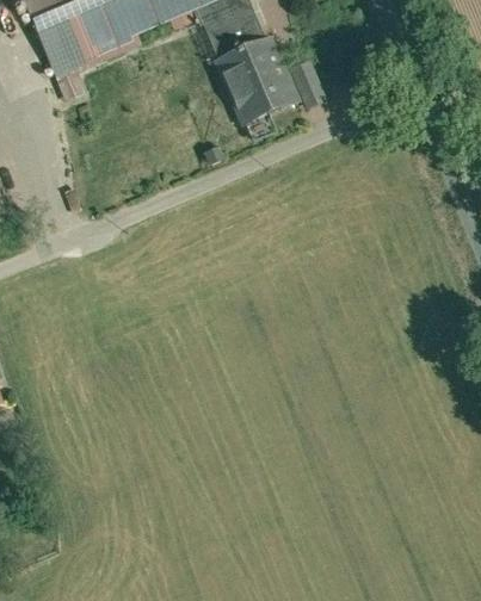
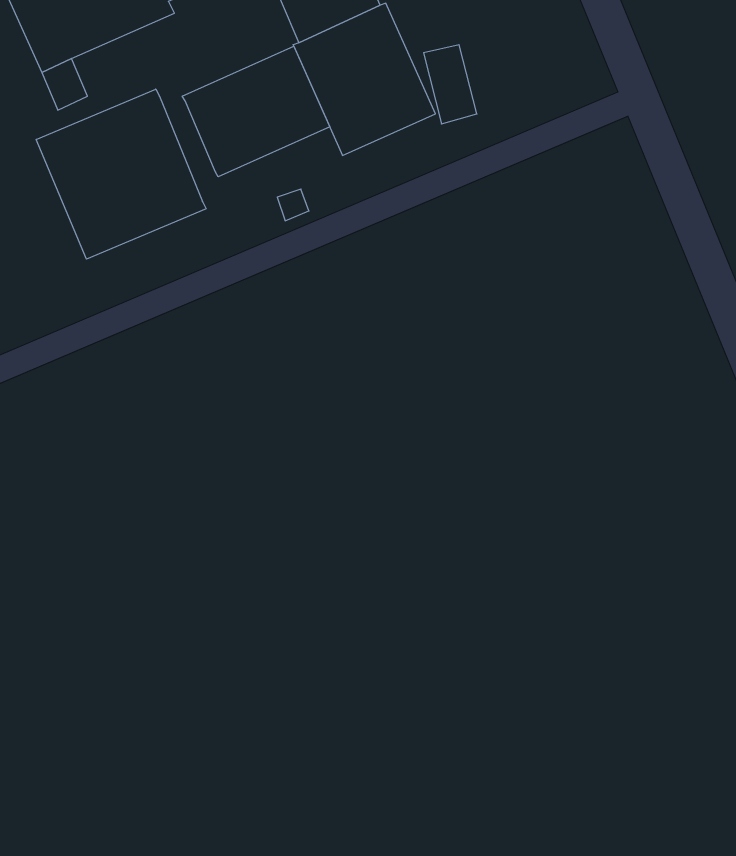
building: none -> [182,46,330,177]
building: none -> [36,89,206,259]

